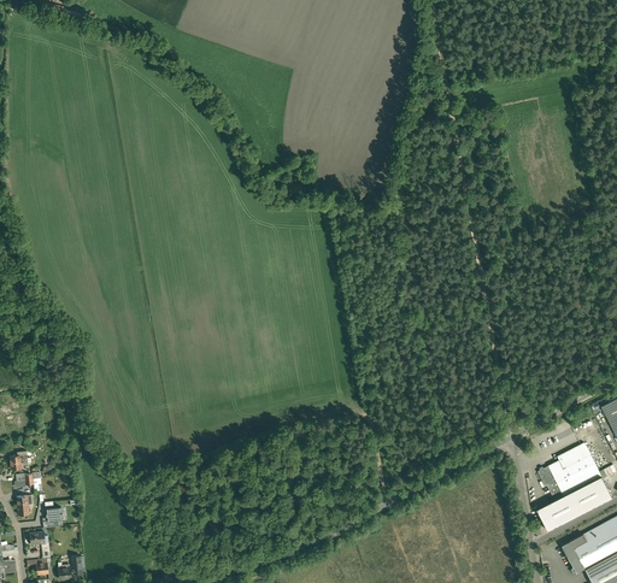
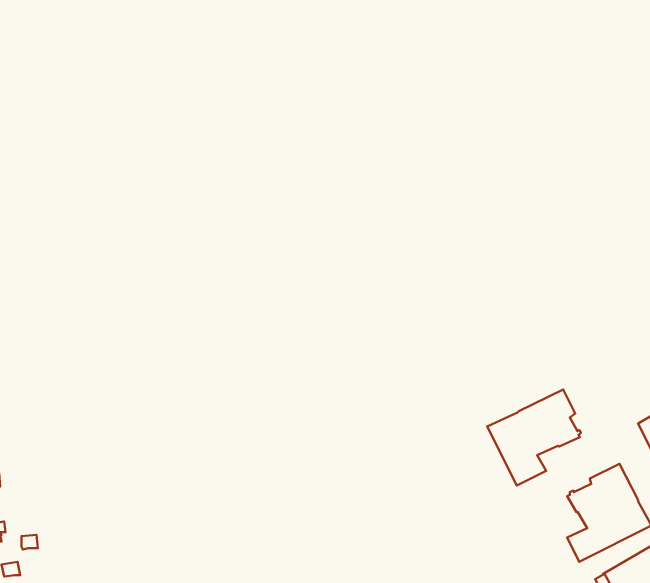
building: none -> [487,390,581,486]

